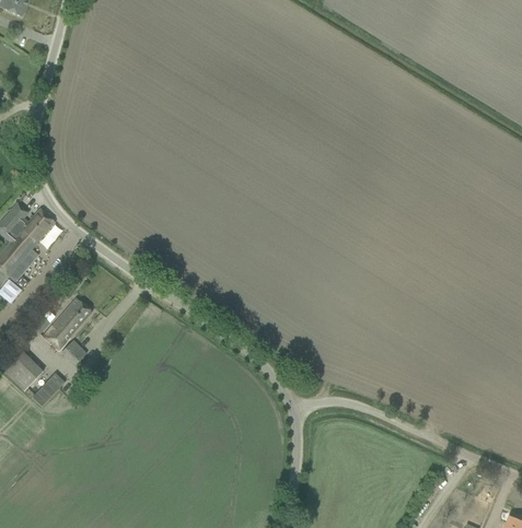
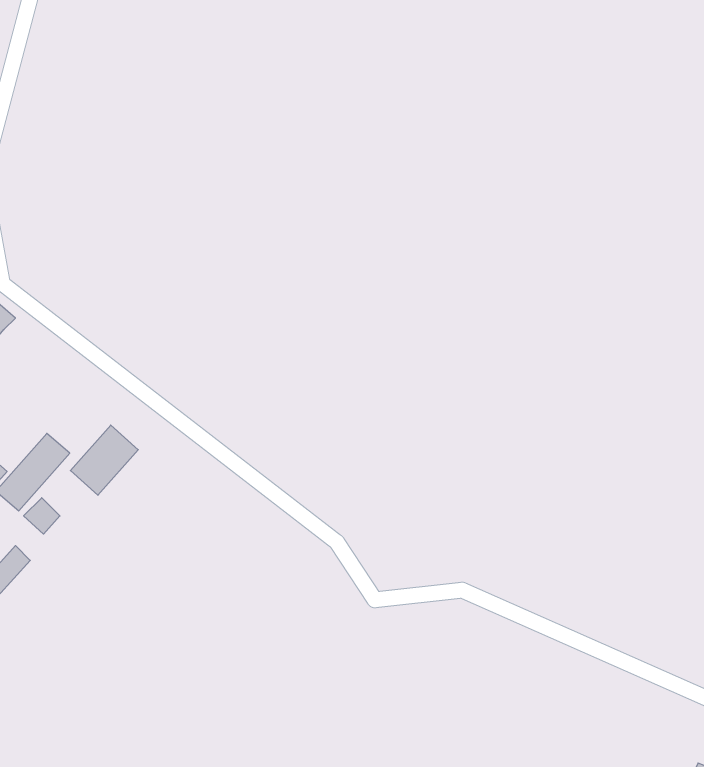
building: none -> [70,425,138,495]

